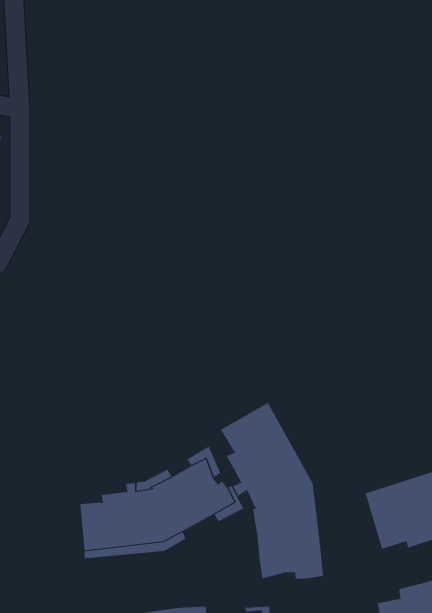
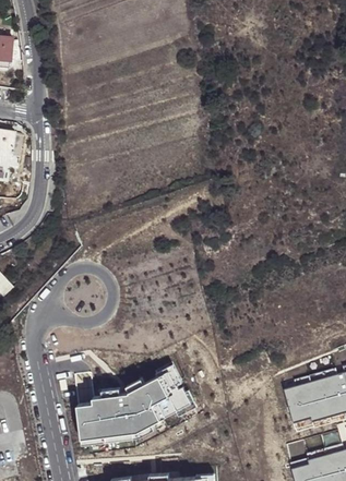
building: [220,402,324,580] -> none

